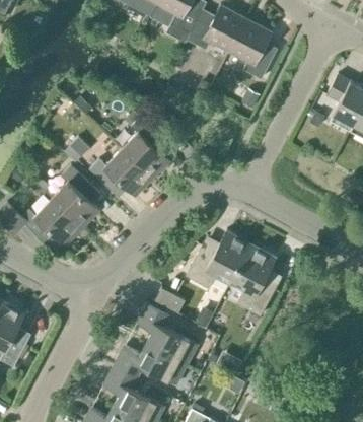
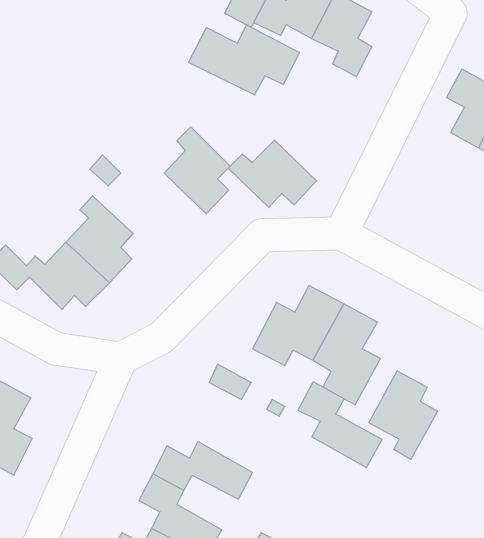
building: none -> [188,25,300,95]
building: [88,149,152,198] -> [228,140,317,208]
building: none -> [369,371,437,459]
building: [136,303,197,365] -> [298,382,382,468]

